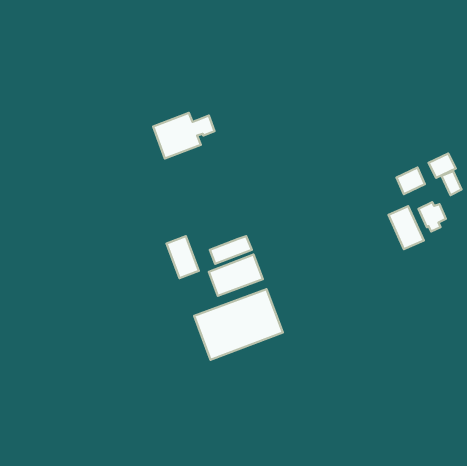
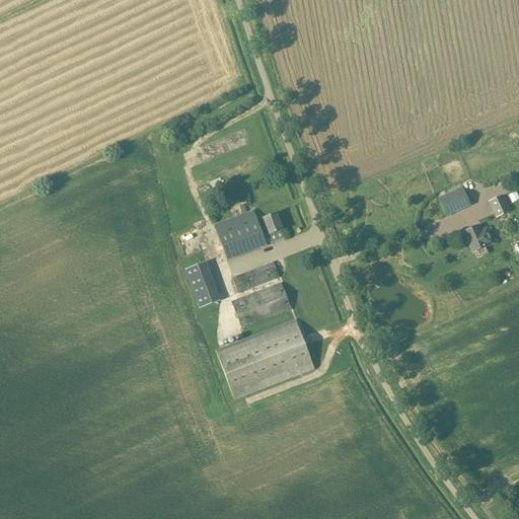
building: [153,113,214,158] -> [215,209,283,260]
building: [429,153,456,178] -> none
building: [388,206,424,249] -> none

